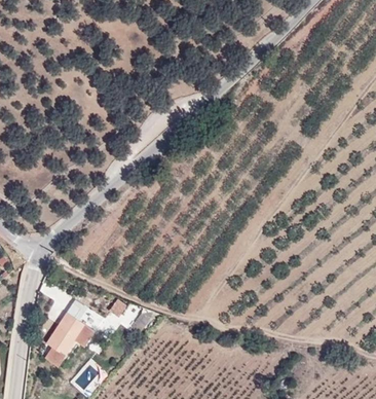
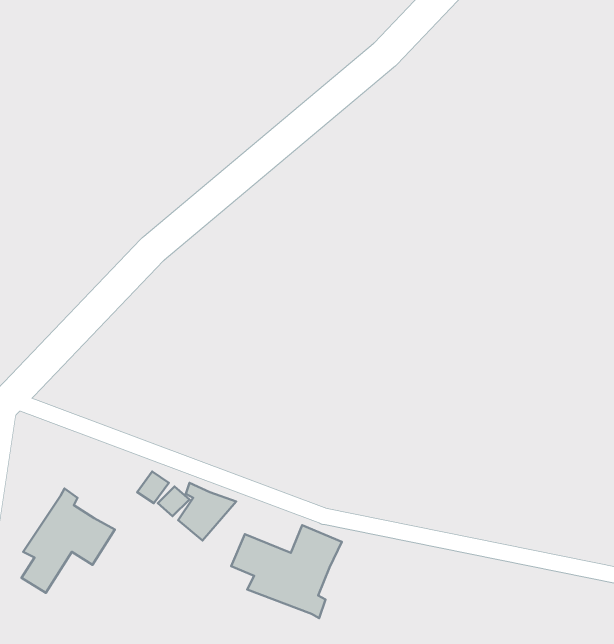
building: none -> [231,525,342,618]

